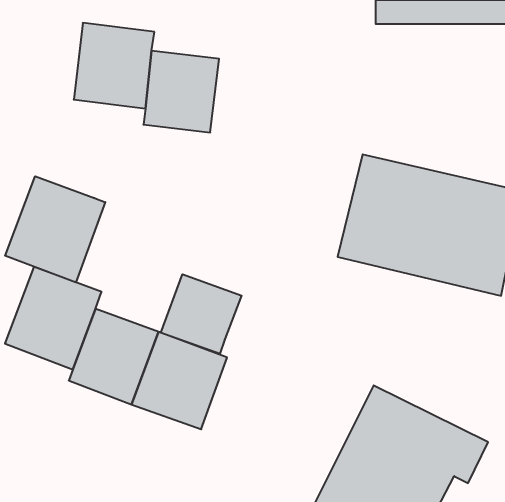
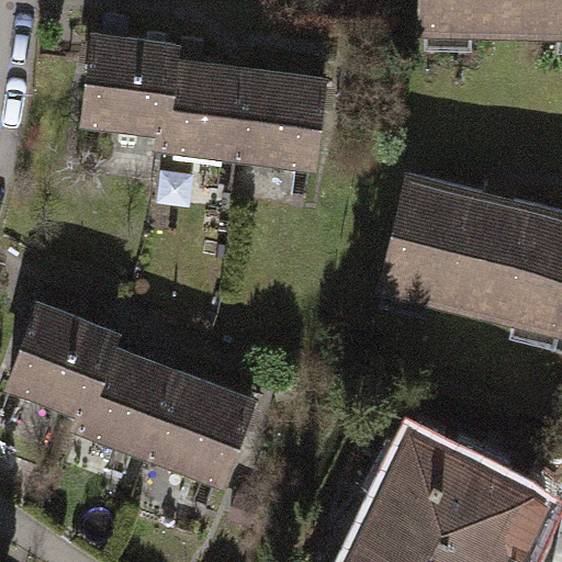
building: none -> [236,72,325,162]
building: [5,176,105,282] -> none
building: [161,274,242,354] -> none

